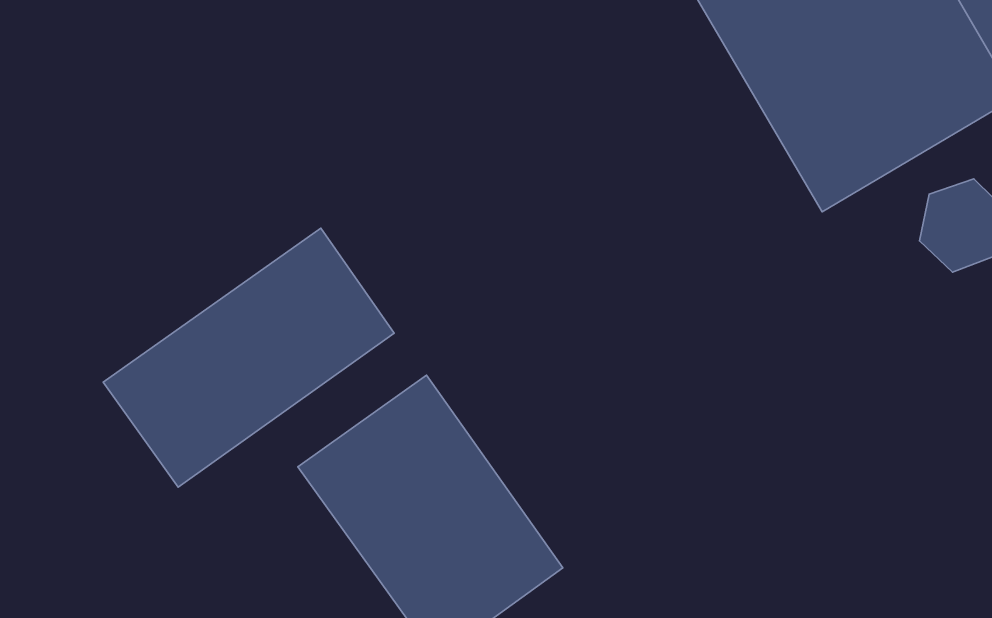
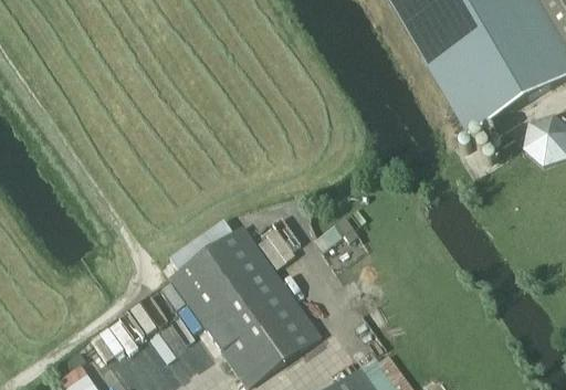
building: [103,228,394,487] -> none

